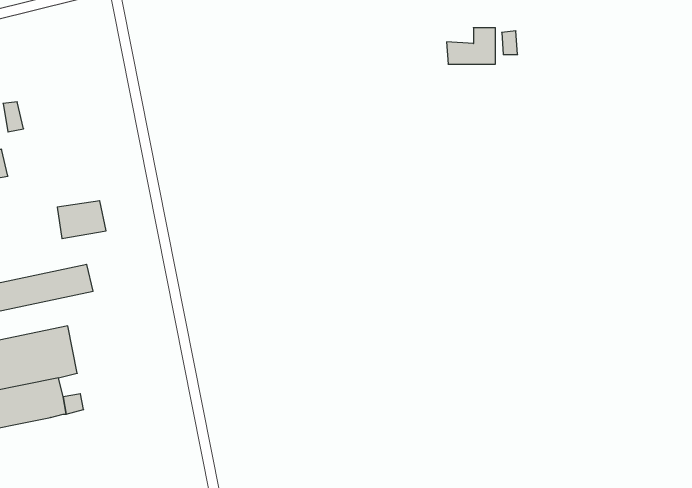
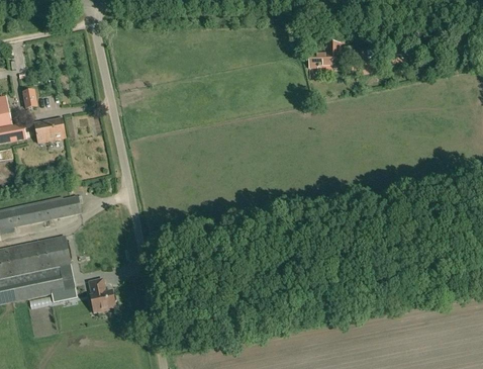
building: [57,201,106,239] -> [33,118,65,143]
building: none -> [89,279,116,312]

